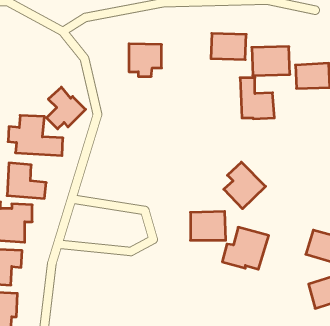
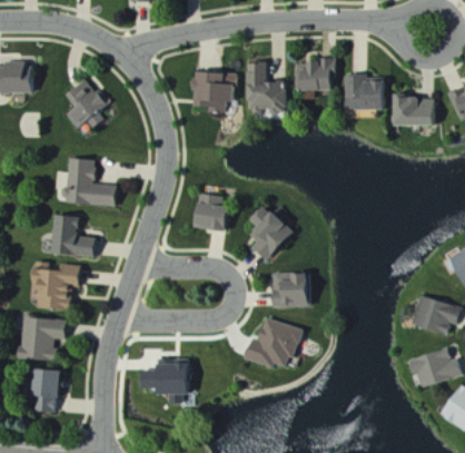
building: [240,78,274,119] -> [243,62,284,111]
building: [46,87,86,129] -> [62,78,109,128]
building: none -> [191,191,230,230]
building: [224,162,266,209] -> [244,204,294,259]
building: [222,227,269,269] -> [245,317,300,367]
building: none -> [140,357,191,402]

